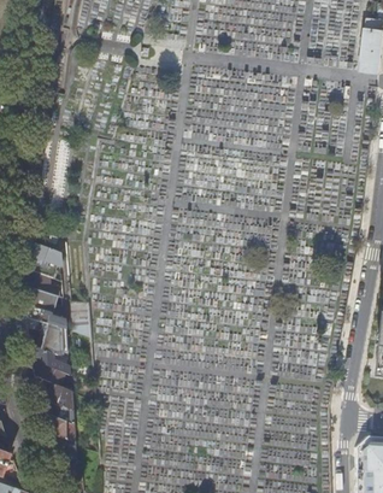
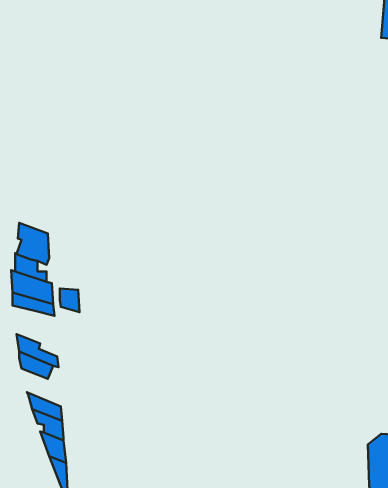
building: [41,322,67,353] -> none
building: [36,375,72,410] -> none

